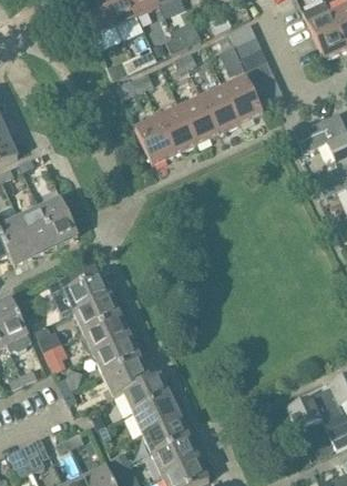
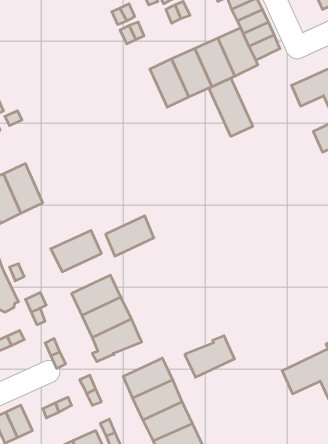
building: [134,117,174,163] -> none
building: none -> [209,78,253,136]
building: [38,196,78,245] -> none
building: [73,294,120,333] -> [106,216,154,256]
building: [122,373,170,413] -> [185,336,235,377]

